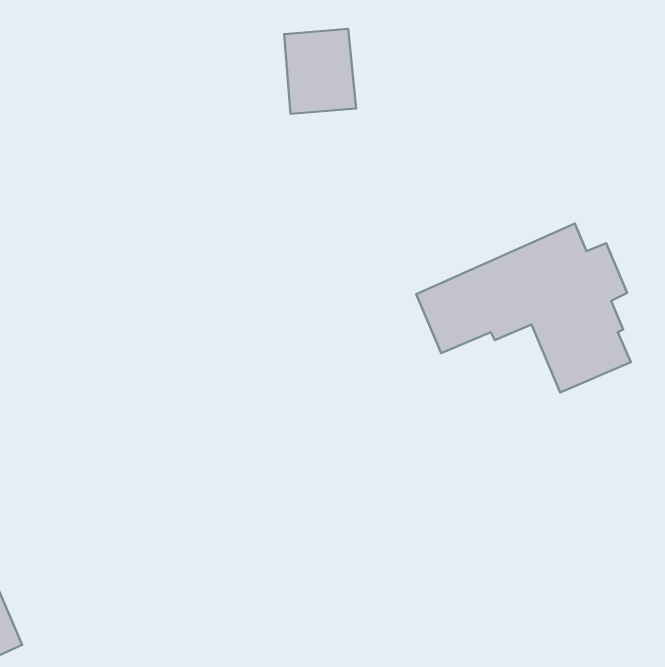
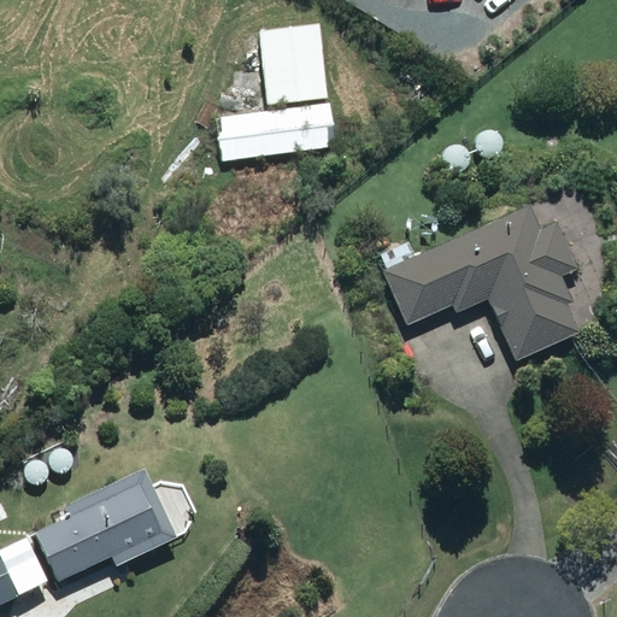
building: none -> [216,104,333,161]
building: none -> [35,464,178,577]

